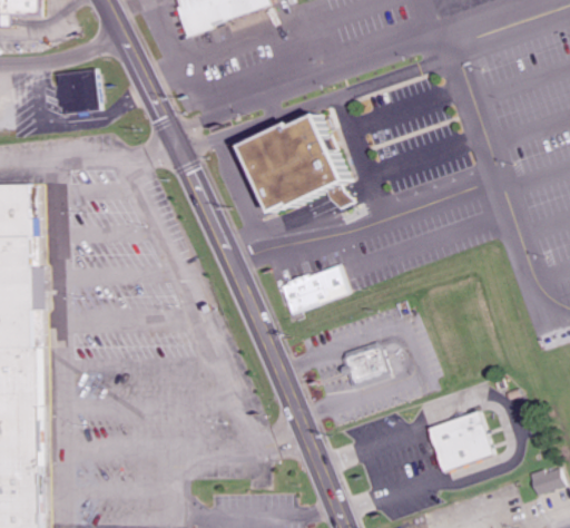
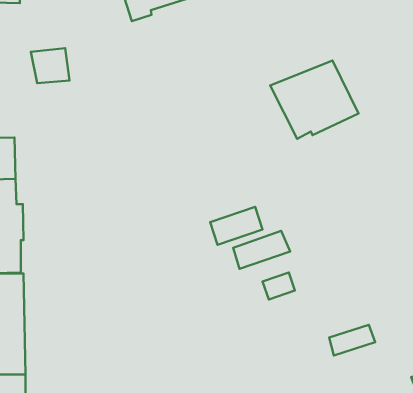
building: [225,114,334,211] -> [270,60,358,139]
building: none -> [233,231,290,269]
building: [432,433,489,472] -> none

